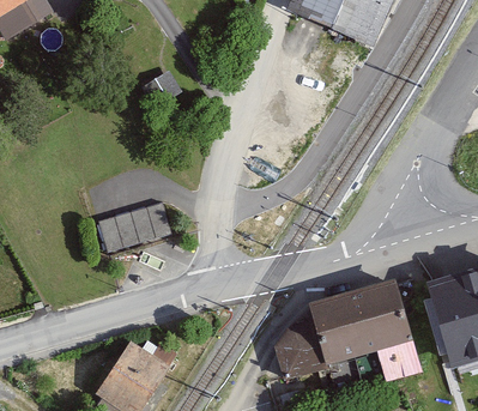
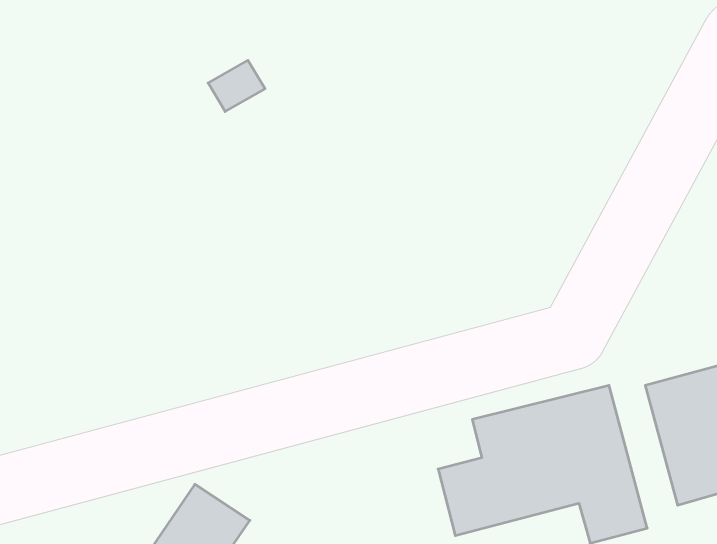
building: [99,204,170,252] -> none

